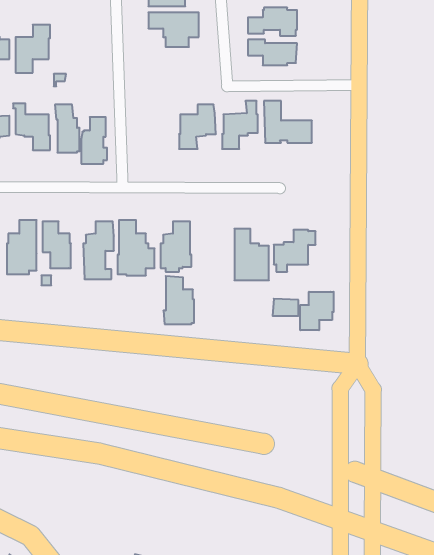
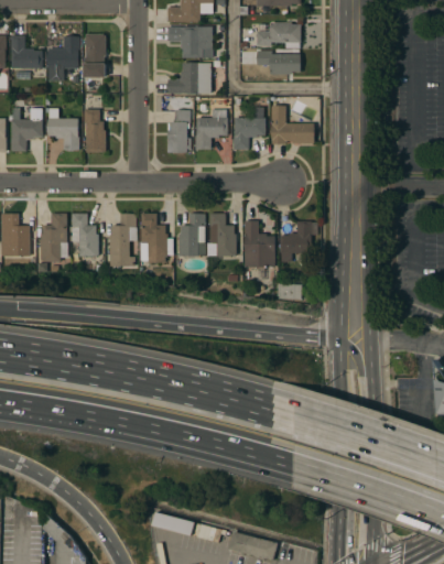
building: none -> [83,34,105,77]
building: none -> [166,63,210,94]
building: [81,117,107,164] -> [166,110,189,152]
building: [163,276,194,324] -> [207,213,235,256]
building: [300,292,334,330] -> none

